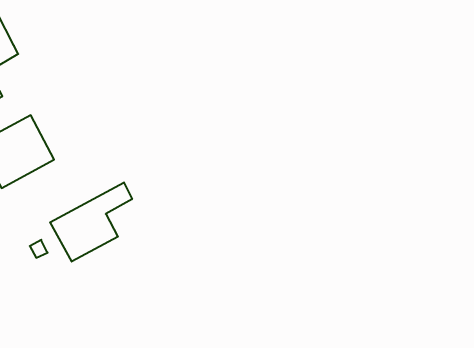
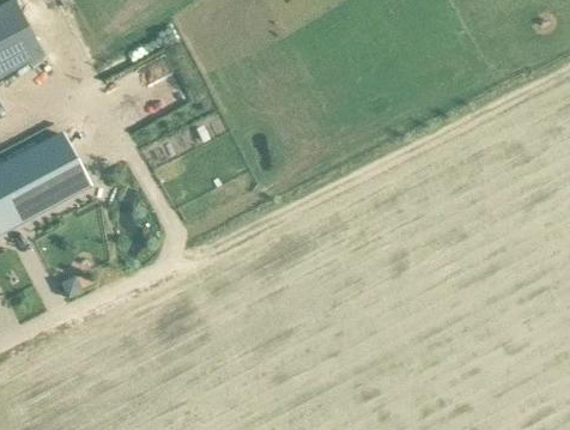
building: [50,182,132,262] -> none

